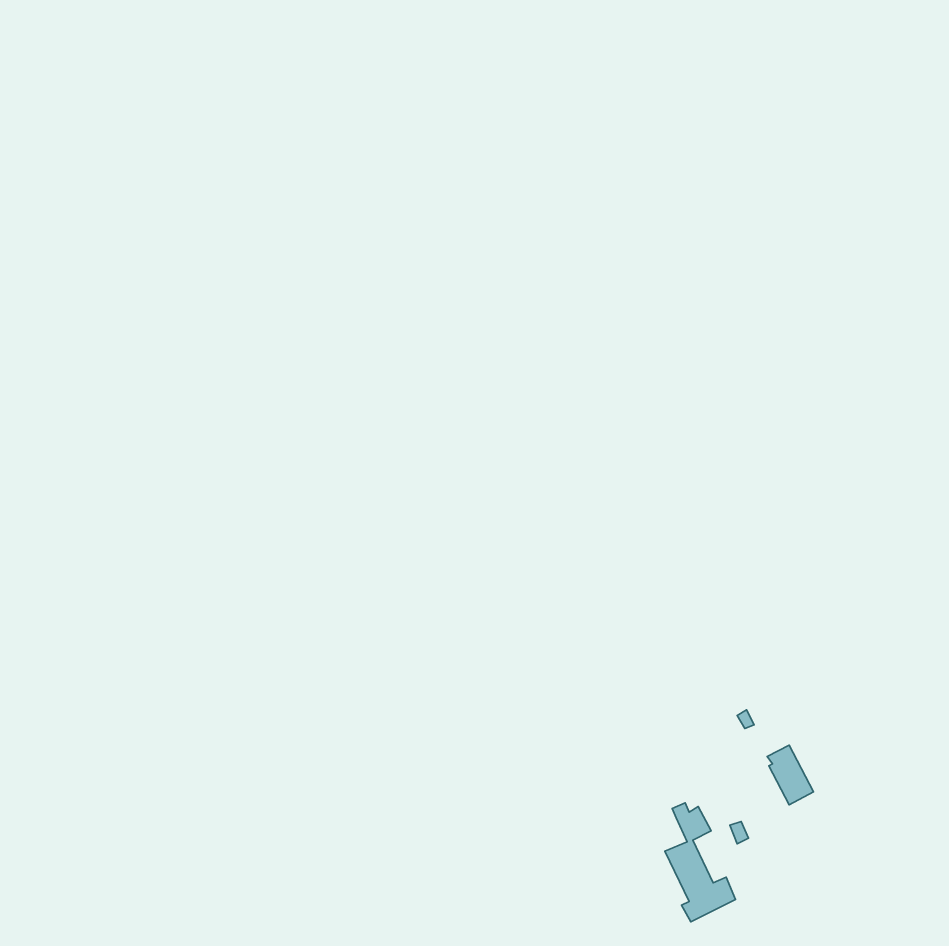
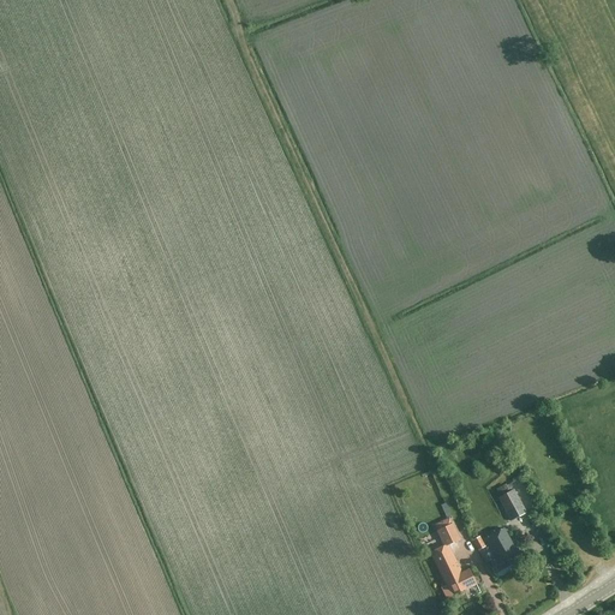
building: none -> [485,526,523,571]

